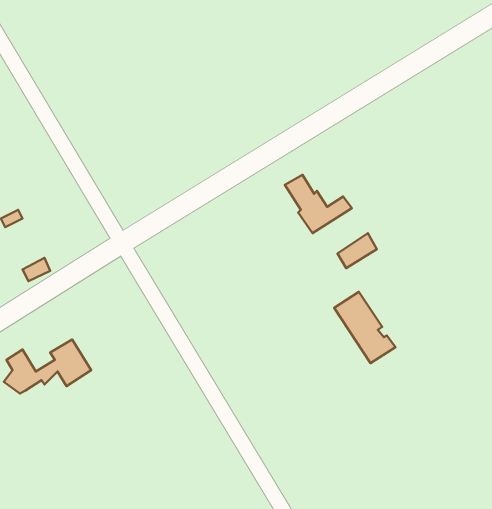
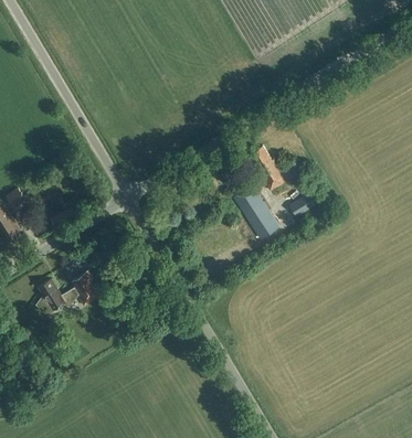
building: [334,292,395,363] -> [234,185,281,239]

